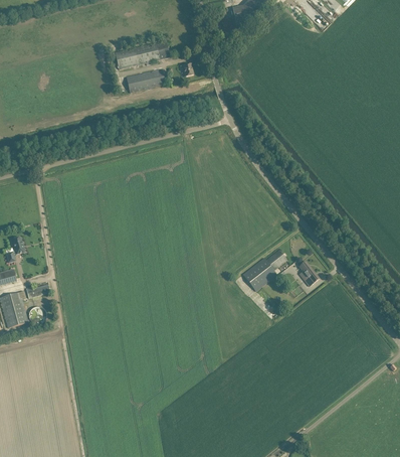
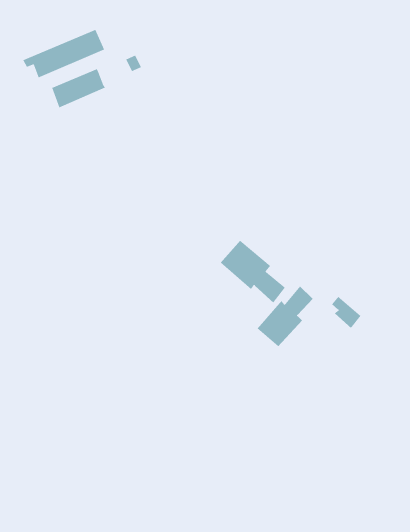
building: none -> [220,240,286,304]

